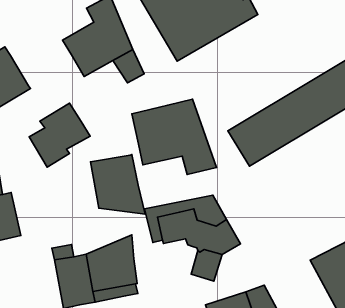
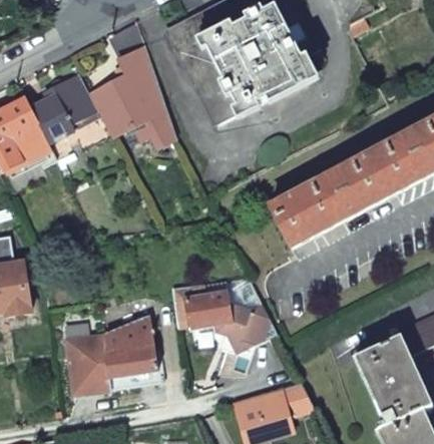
building: [132,99,217,175] -> none
building: [29,103,90,167] -> [30,72,98,142]
building: [91,155,145,214] -> none

